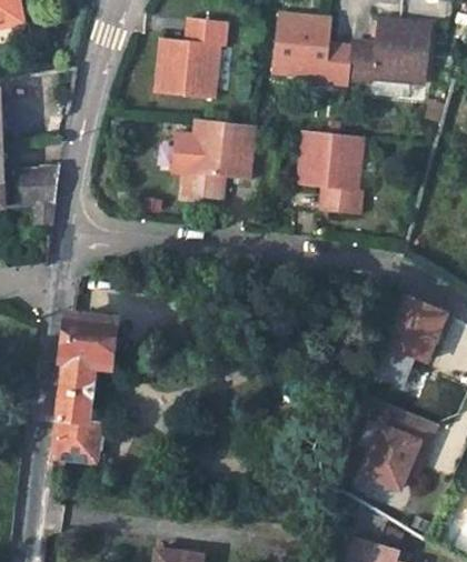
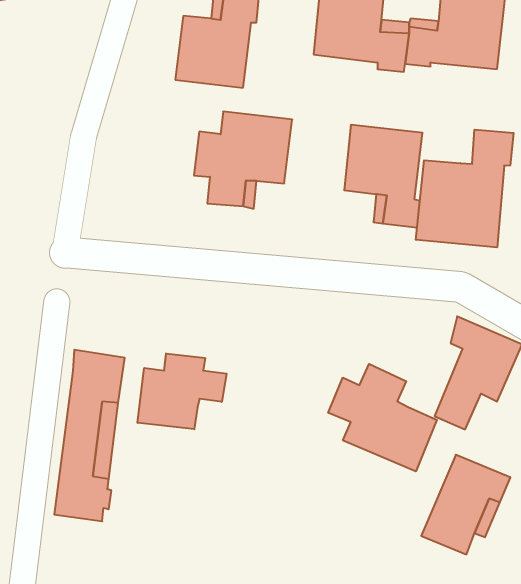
building: none -> [416,130,514,247]
building: [17,162,61,223] -> none
building: none -> [138,353,227,429]
building: none -> [328,364,437,471]

